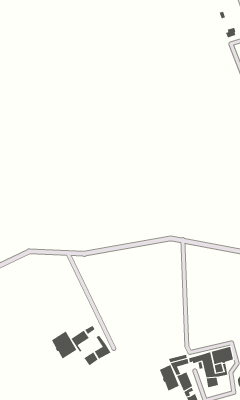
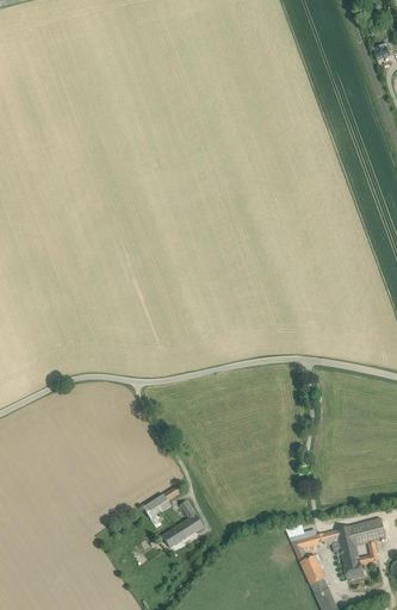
building: [51,330,77,360] -> none
building: [159,364,180,391] -> none

